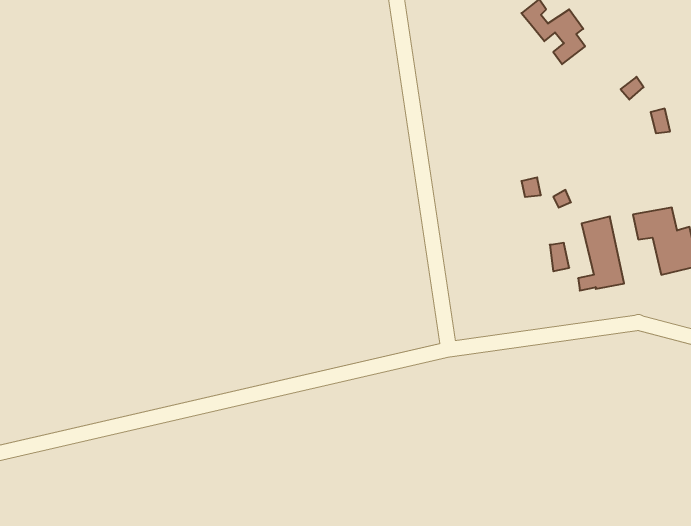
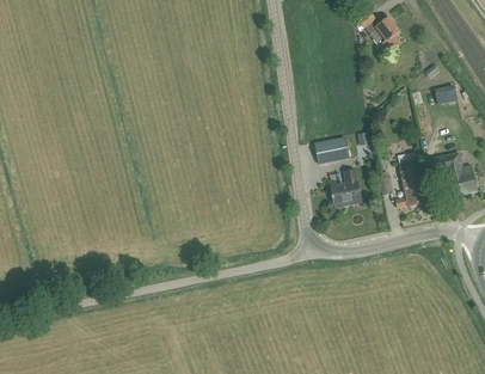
building: none -> [314,137,349,164]
building: none -> [330,170,361,206]

